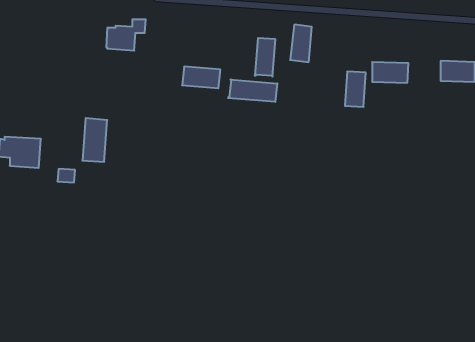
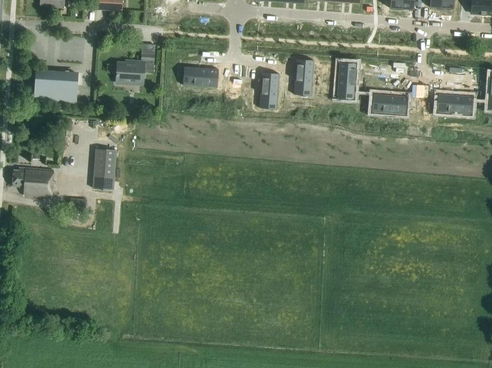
building: none -> [36,71,75,99]
building: [182,67,220,88] -> [181,66,218,87]
building: [345,72,366,107] -> [336,62,356,96]
building: [228,80,277,102] -> none

